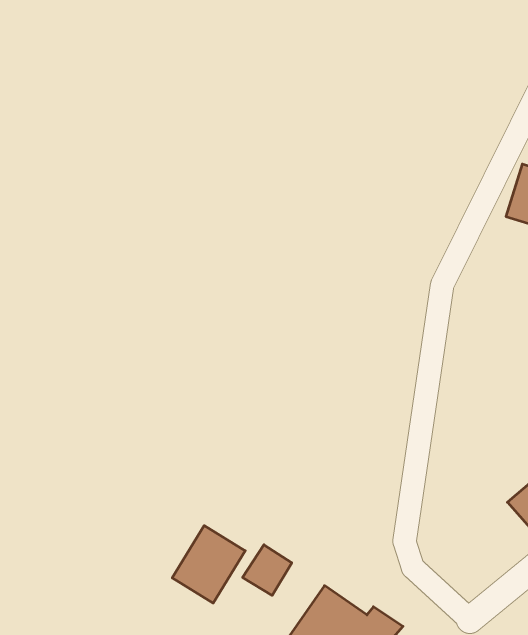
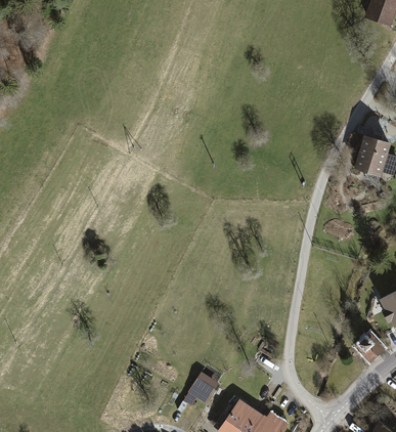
building: [172,526,245,603] -> none

